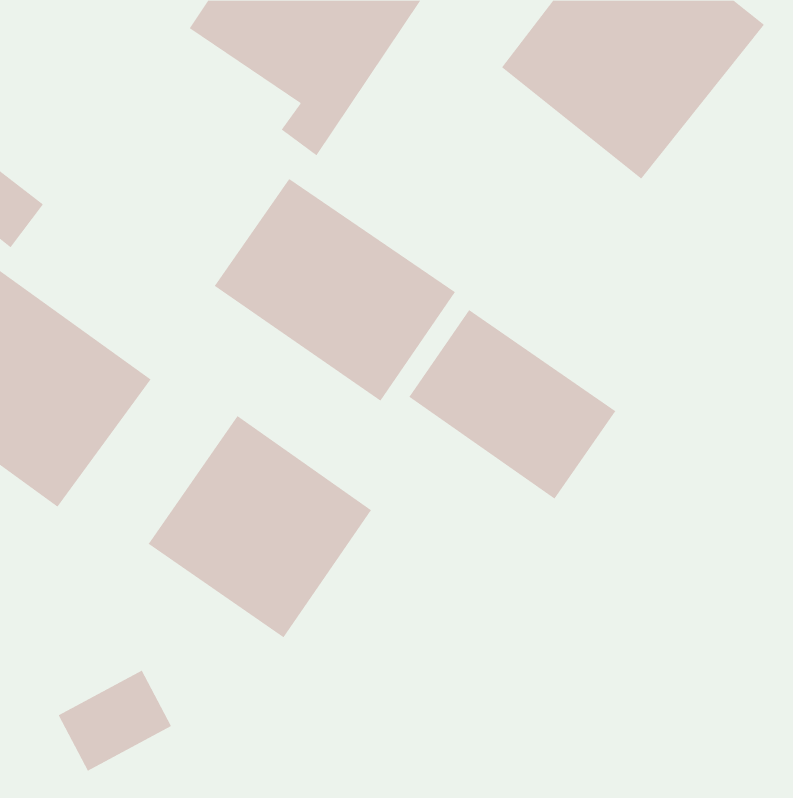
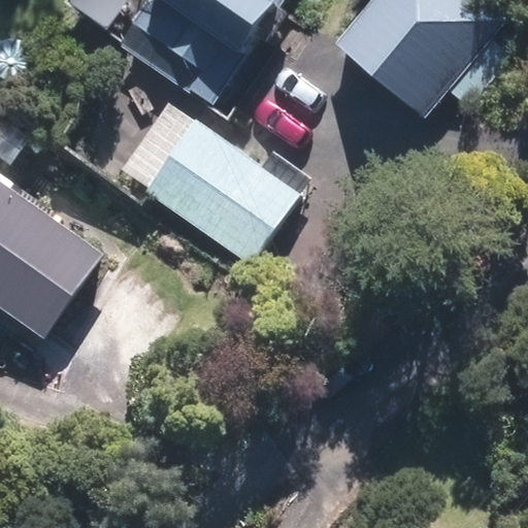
building: [409,309,616,499] -> none
building: [148,415,372,638] -> none

